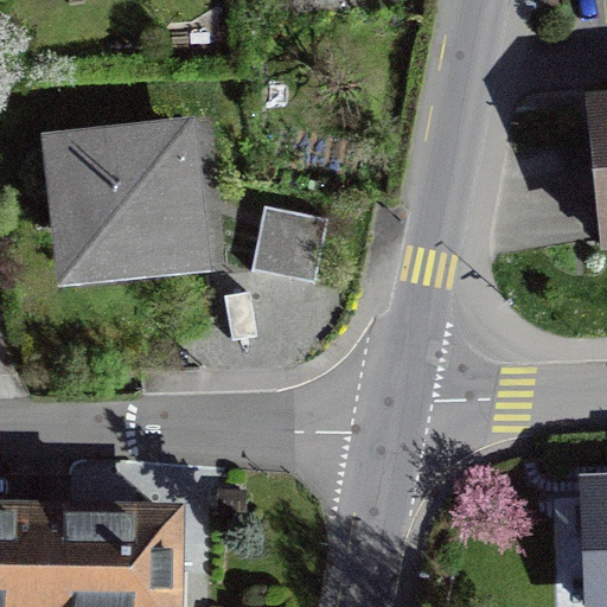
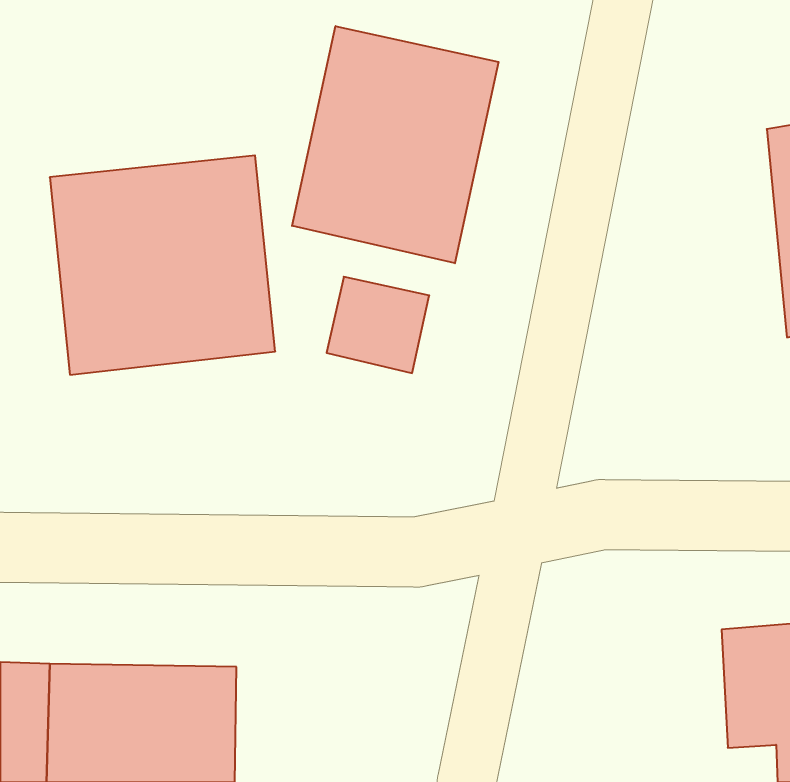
building: none -> [292,26,499,263]

